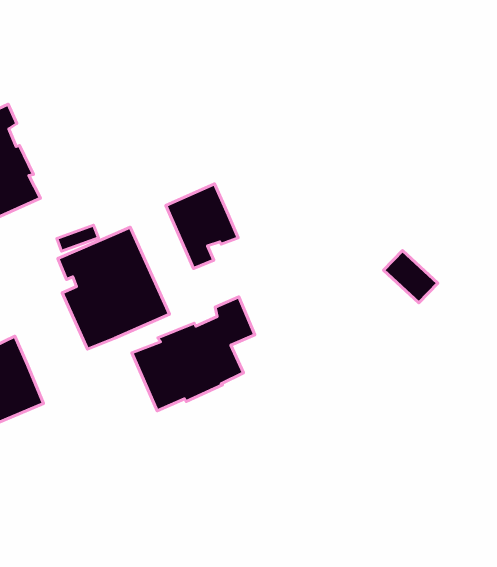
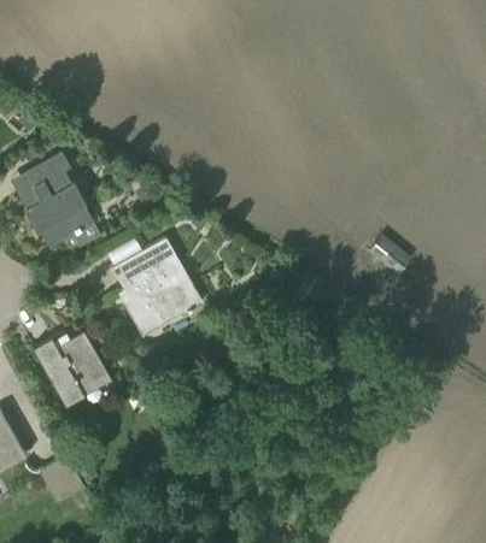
building: [166,184,238,269] -> none
building: [132,297,255,411] -> none

